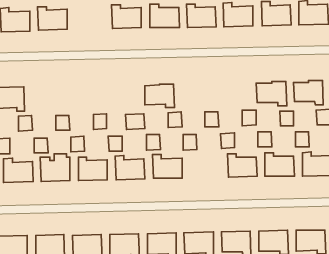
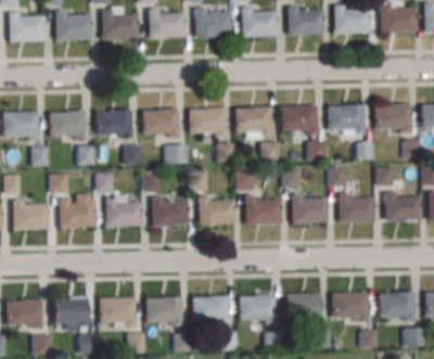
building: none -> [101,11,138,40]
building: none -> [282,106,319,136]
building: none -> [234,107,271,138]
building: none -> [142,110,179,140]
building: none -> [95,111,132,141]
building: none -> [49,112,86,141]
building: none -> [245,196,282,226]

